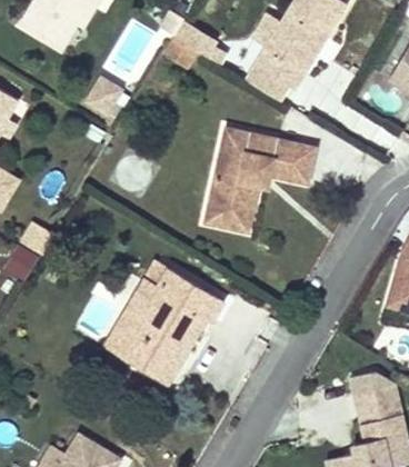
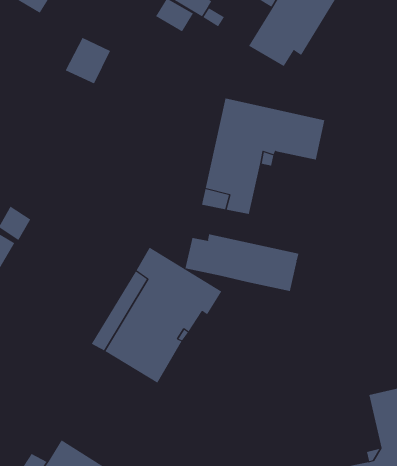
building: none -> [185,233,299,292]

